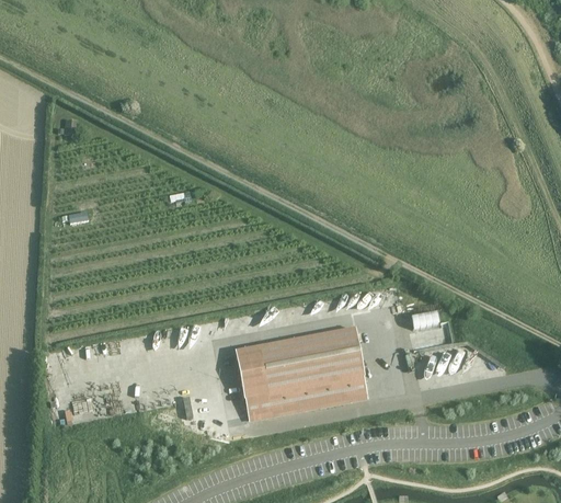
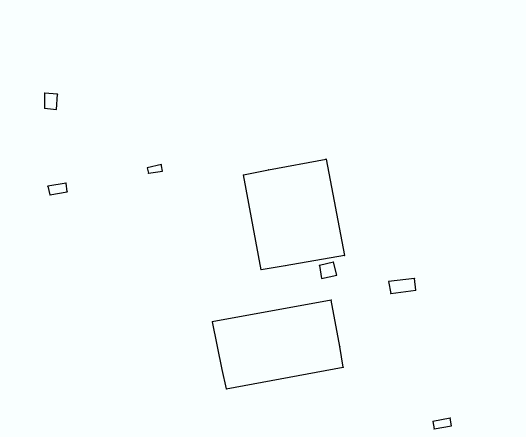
building: none -> [243,159,344,270]

